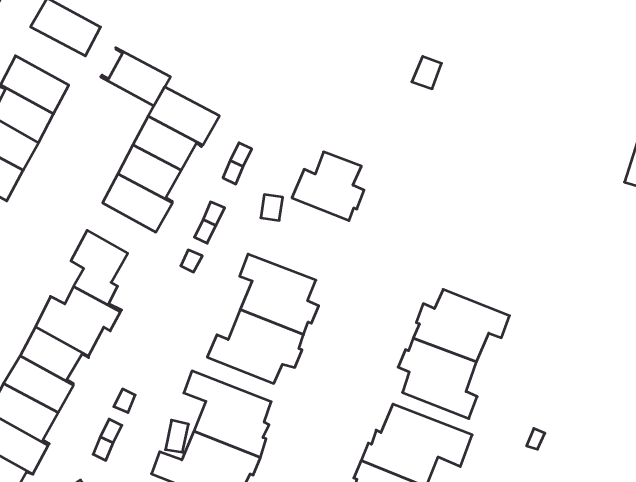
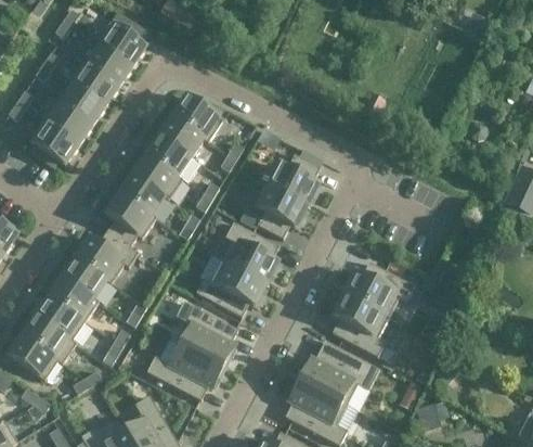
building: [101,48,170,106] -> [81,43,131,88]
building: none -> [257,186,307,239]
building: none -> [119,175,168,215]

